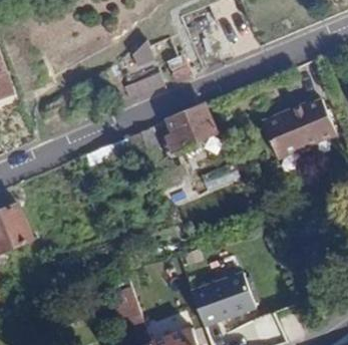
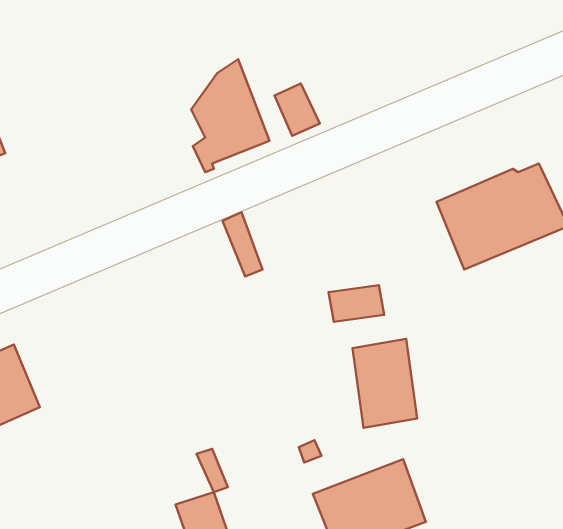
building: [165,104,217,151] -> none
building: none -> [353,339,417,428]

